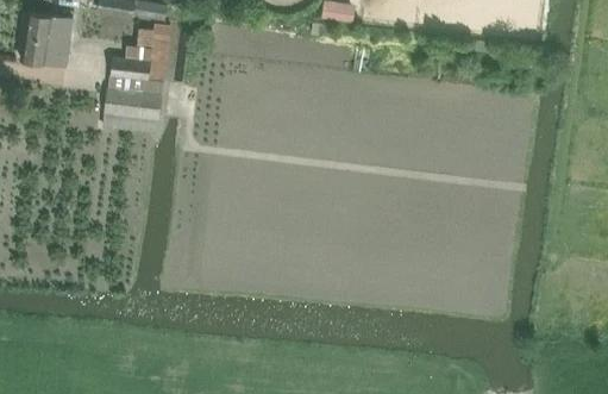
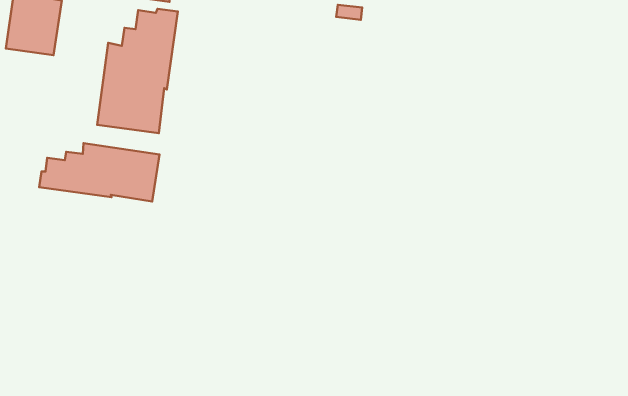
building: none -> [39,143,159,201]

